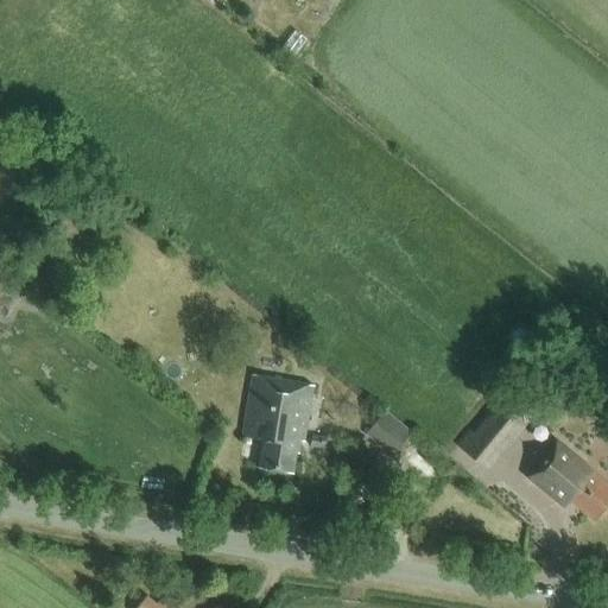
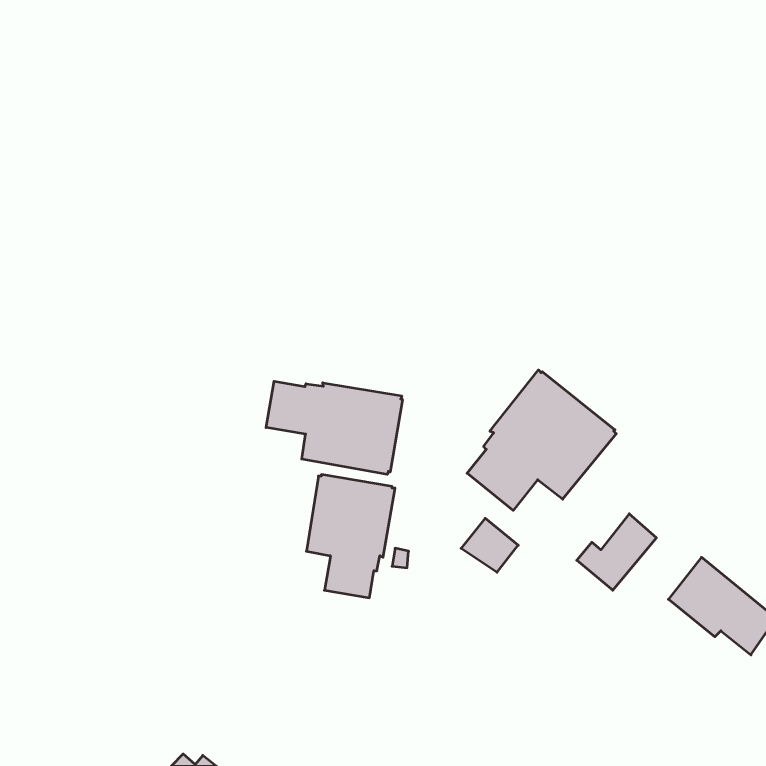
building: none -> [467,370,616,510]
building: none -> [266,381,402,474]

